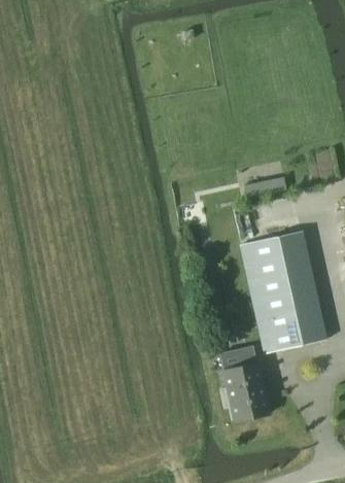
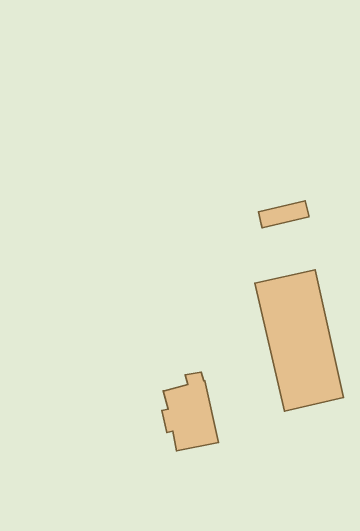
building: [221,355,269,421] -> [162,372,218,451]

